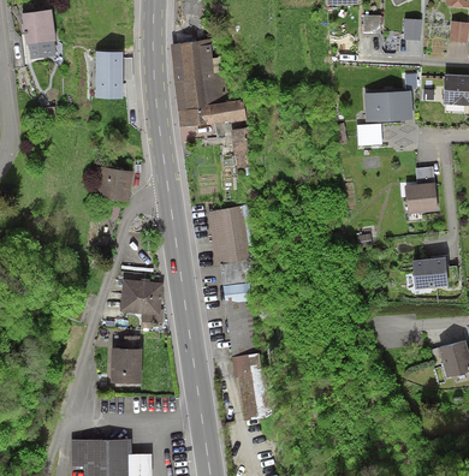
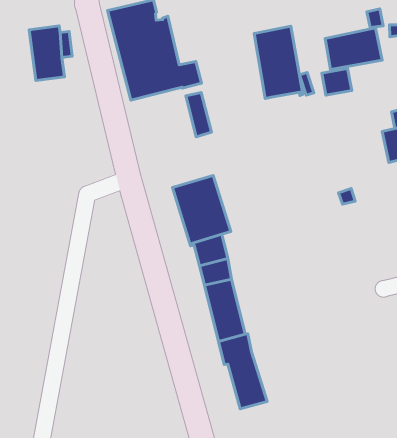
building: none -> [254,26,303,99]
building: [97,167,132,201] -> none
building: [119,279,162,329] -> none
building: [109,335,142,383] -> none

